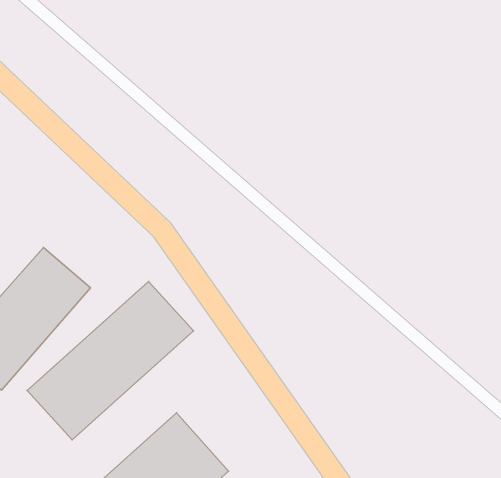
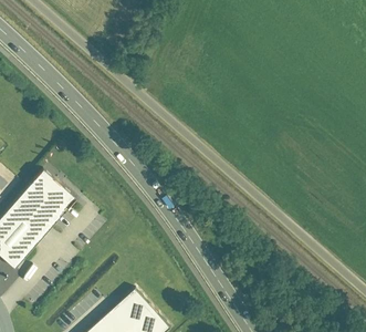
building: [27,282,193,440] -> none

